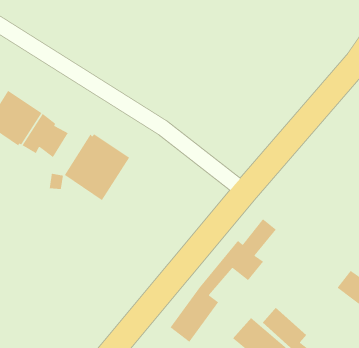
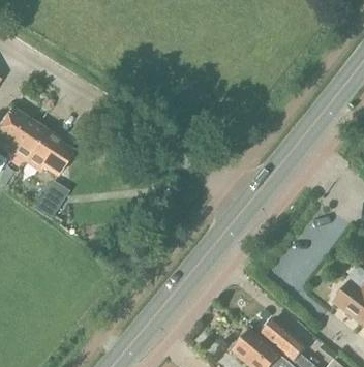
building: [64,133,130,201] -> none
building: [169,218,277,343] -> none

